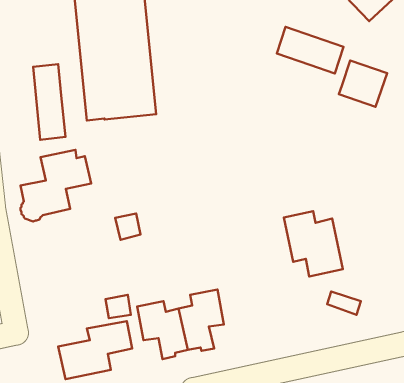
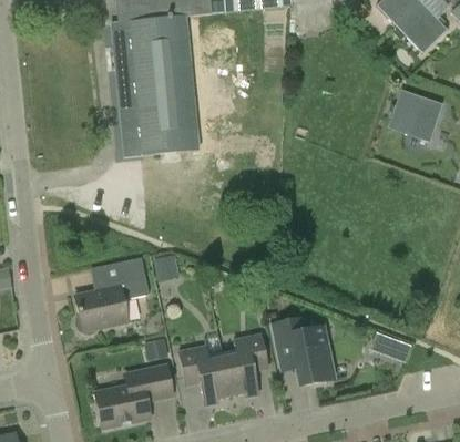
building: [277,27,344,74] -> none
building: [33,64,65,140] -> none
building: [21,150,91,222] -> [75,257,150,332]
building: [284,211,343,277] -> [273,317,335,386]

